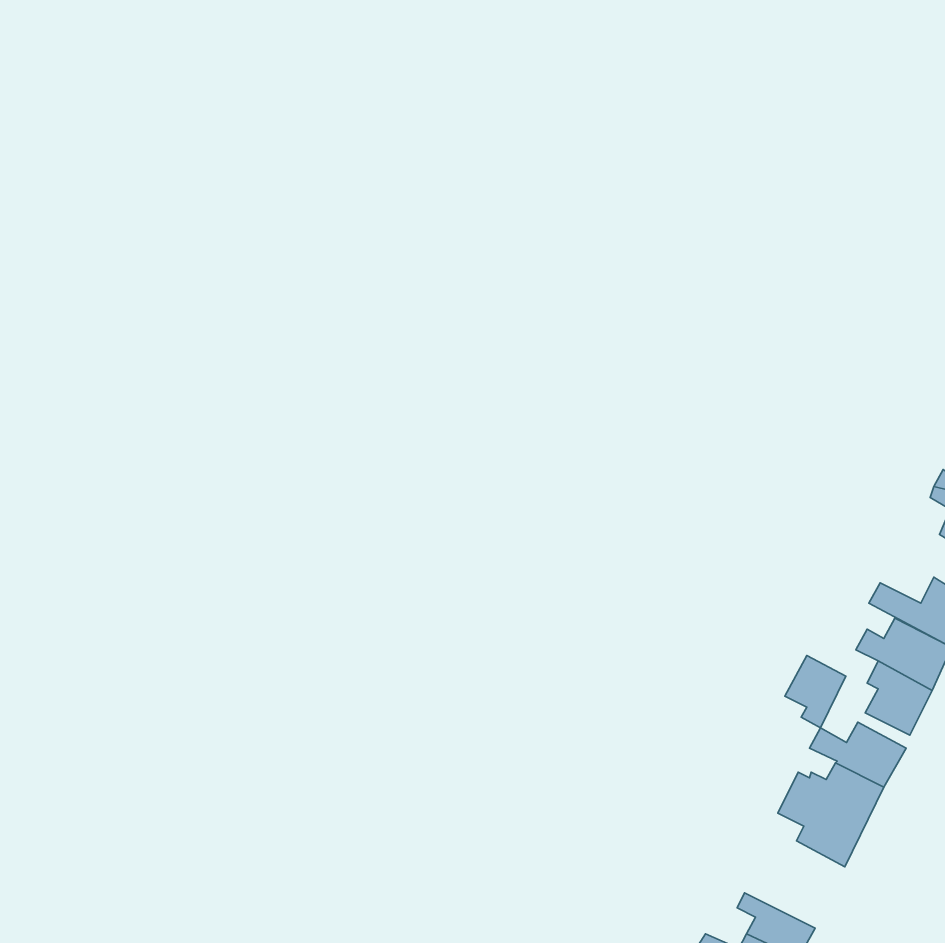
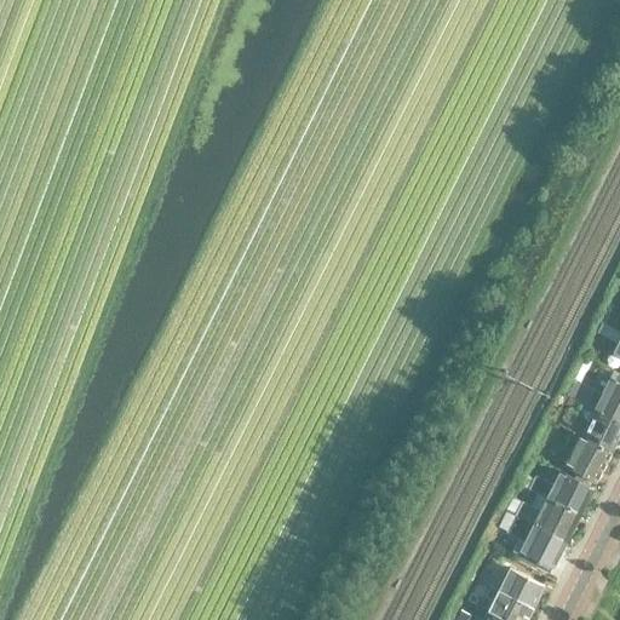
building: [785,655,846,728] -> none
building: none -> [488,570,545,609]

